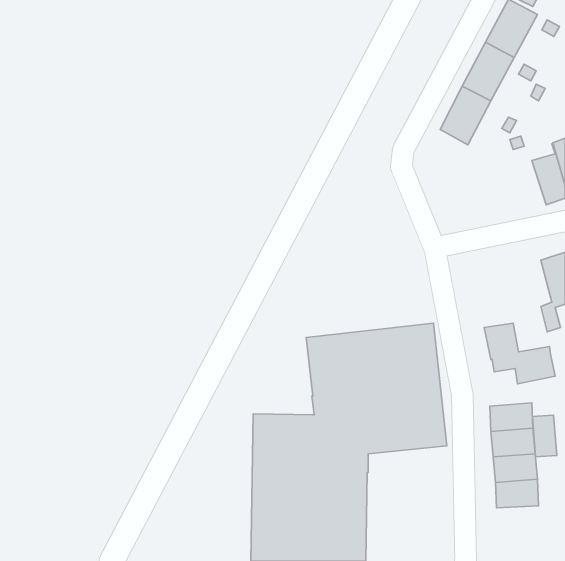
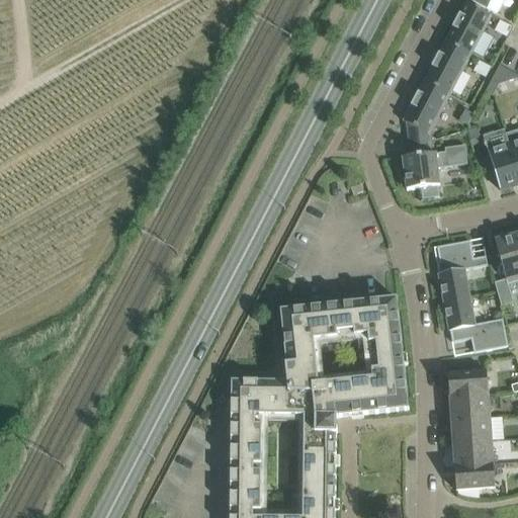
building: none -> [403,120,467,196]
building: none -> [437,239,488,299]
building: [532,415,557,457] -> none
building: none -> [454,462,495,488]

